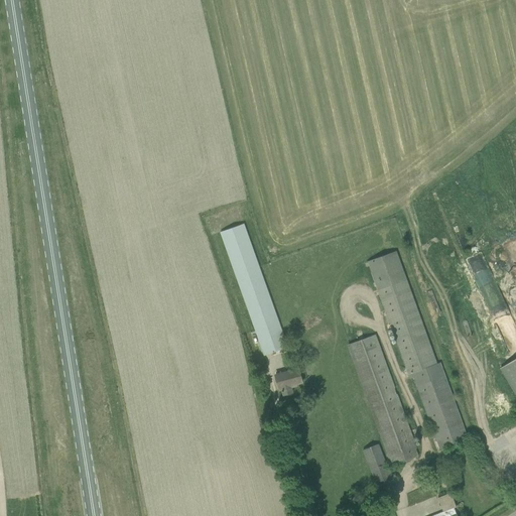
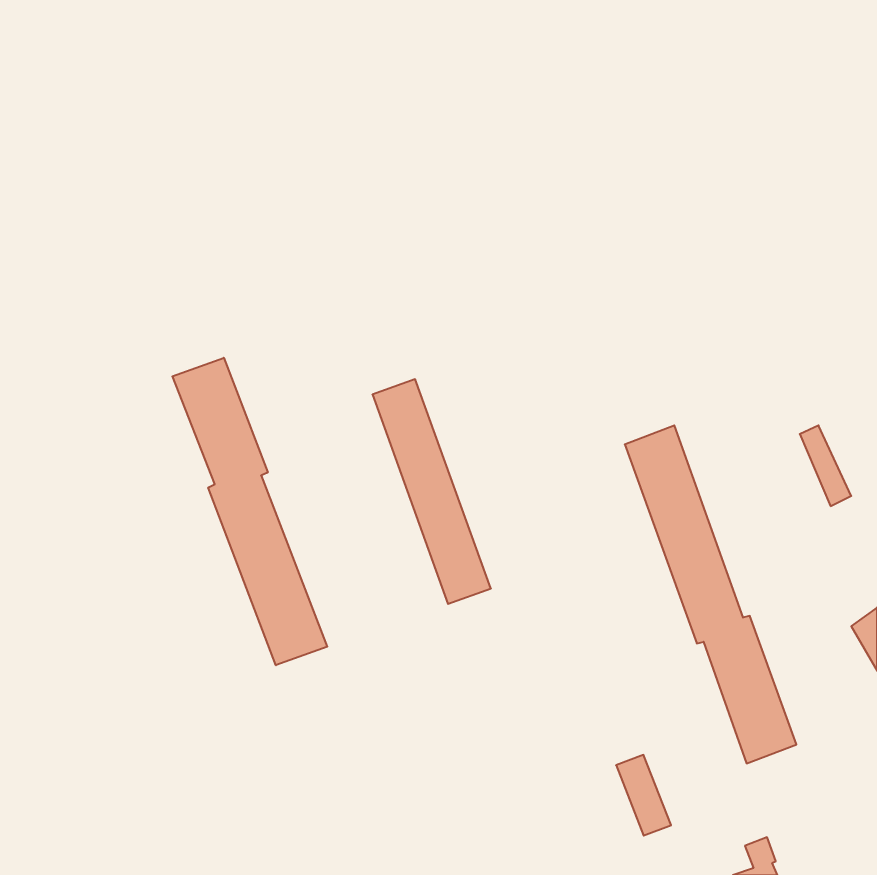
building: none -> [172,358,327,665]
building: [347,334,418,465] -> none
building: [274,367,302,395] -> none

